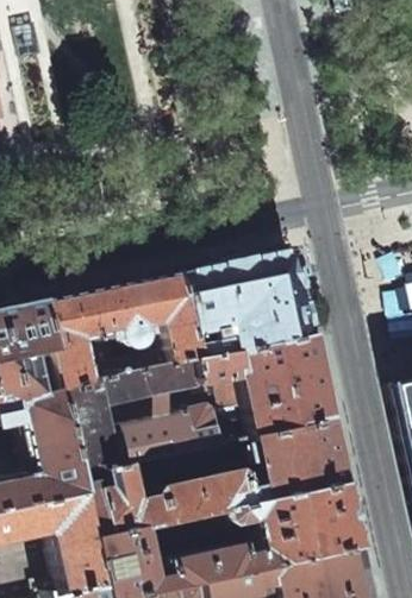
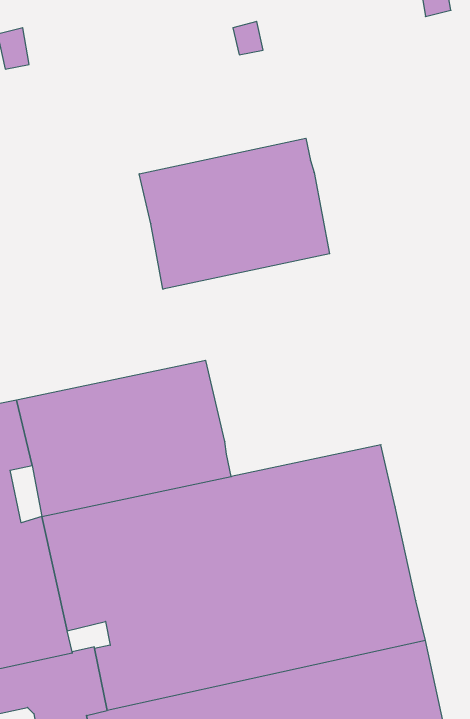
building: none -> [139,138,330,289]
building: [185,251,316,361] -> none

